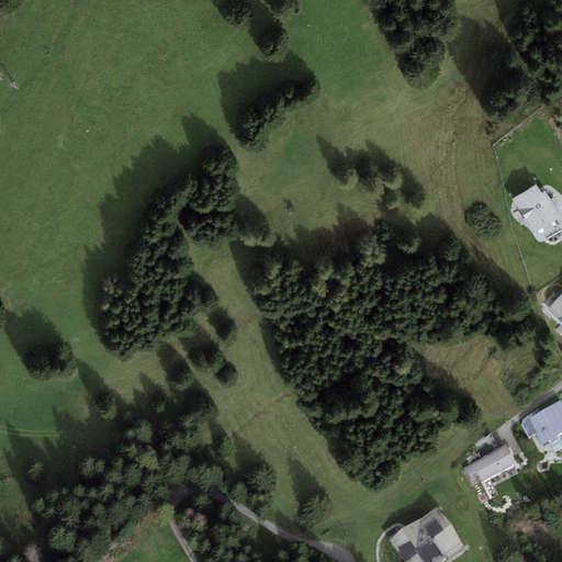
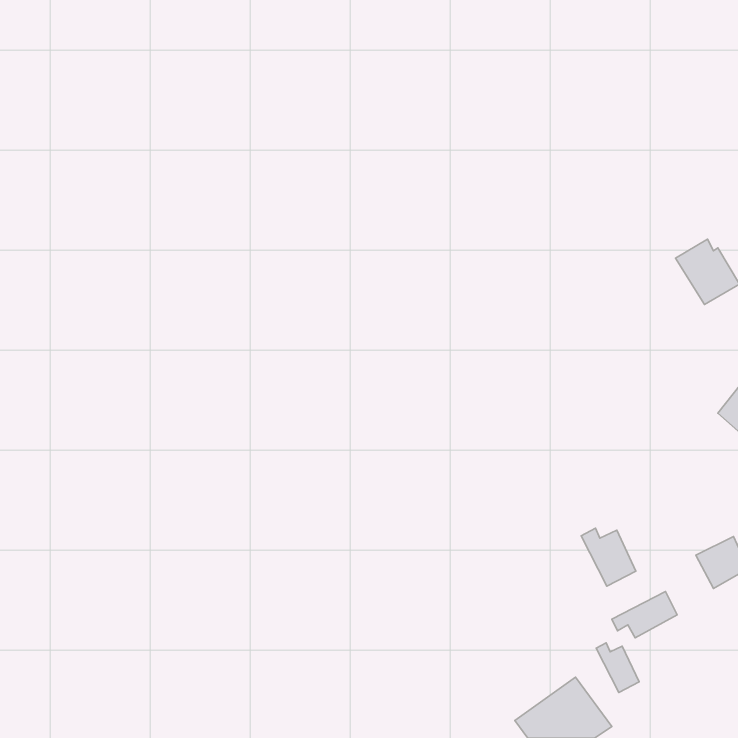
building: none -> [581,528,636,586]
building: none -> [596,643,639,692]

